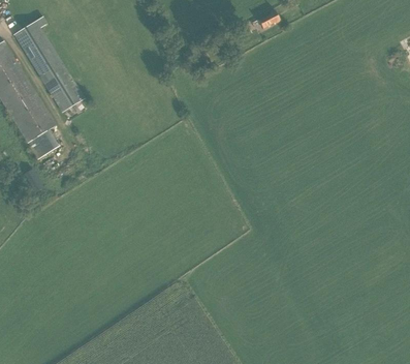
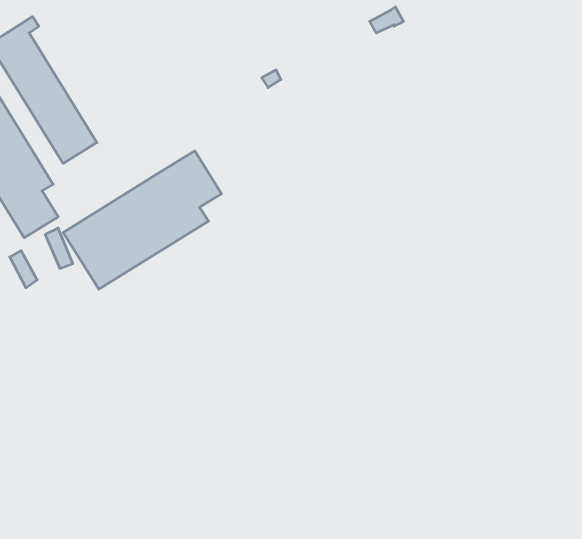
building: none -> [63,151,221,289]

